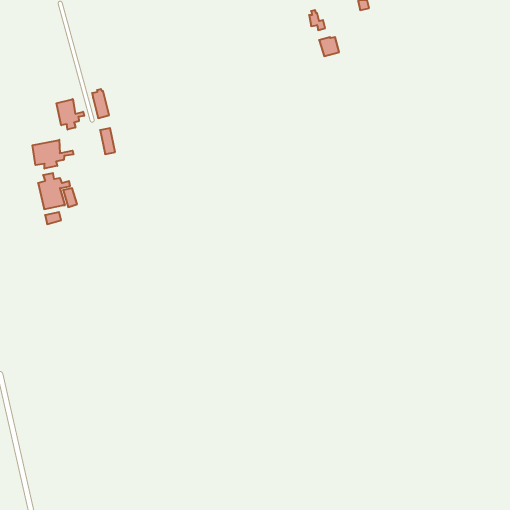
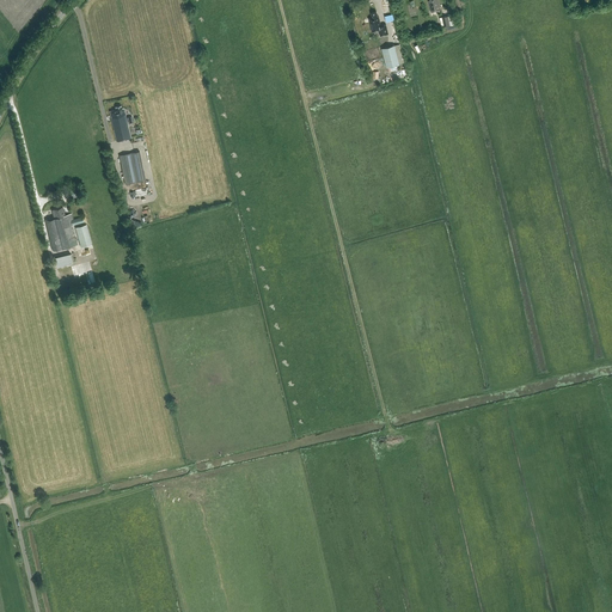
building: [56,99,84,130] -> none
building: [32,140,73,169] -> none

